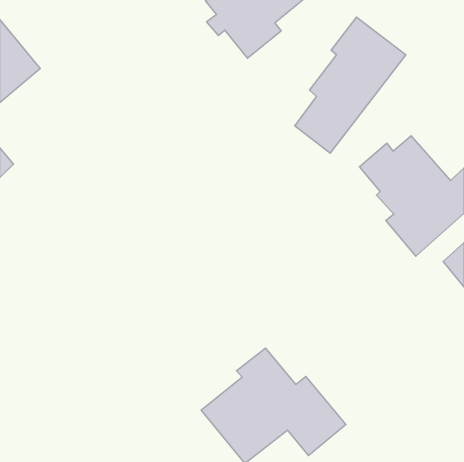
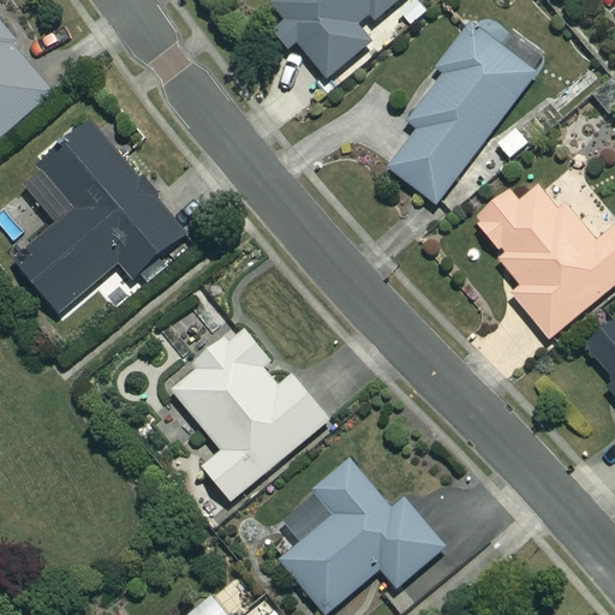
building: none -> [14,121,187,311]
building: none -> [168,326,329,500]

